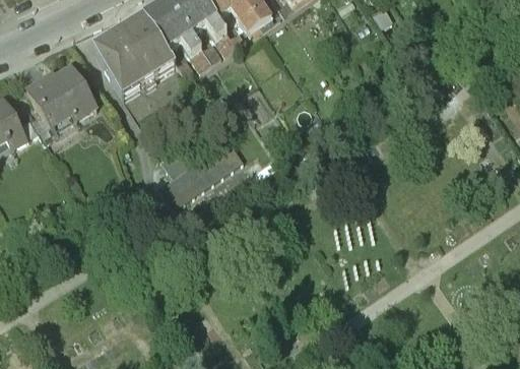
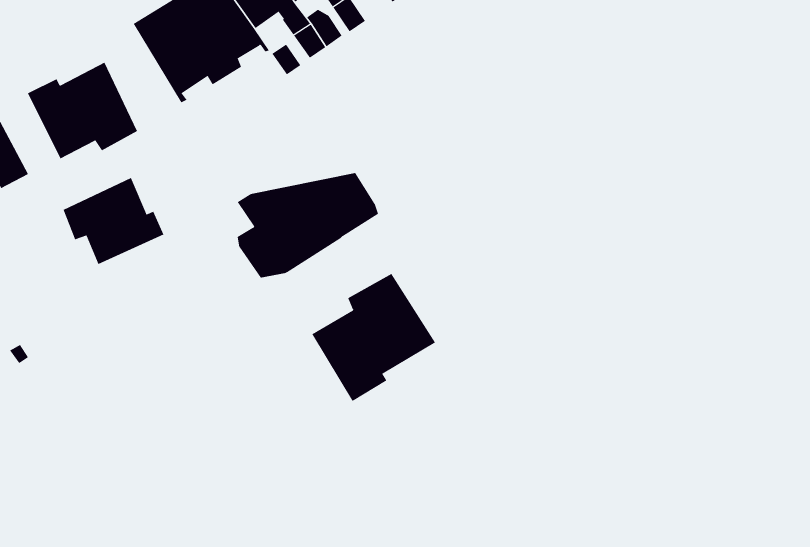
building: none -> [63,177,164,265]
building: none -> [311,273,436,402]

